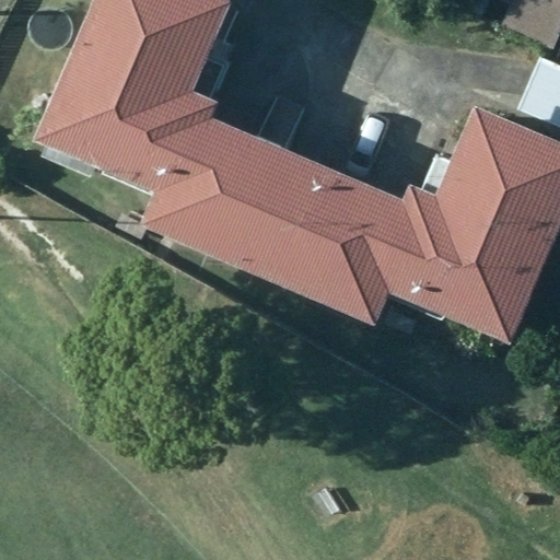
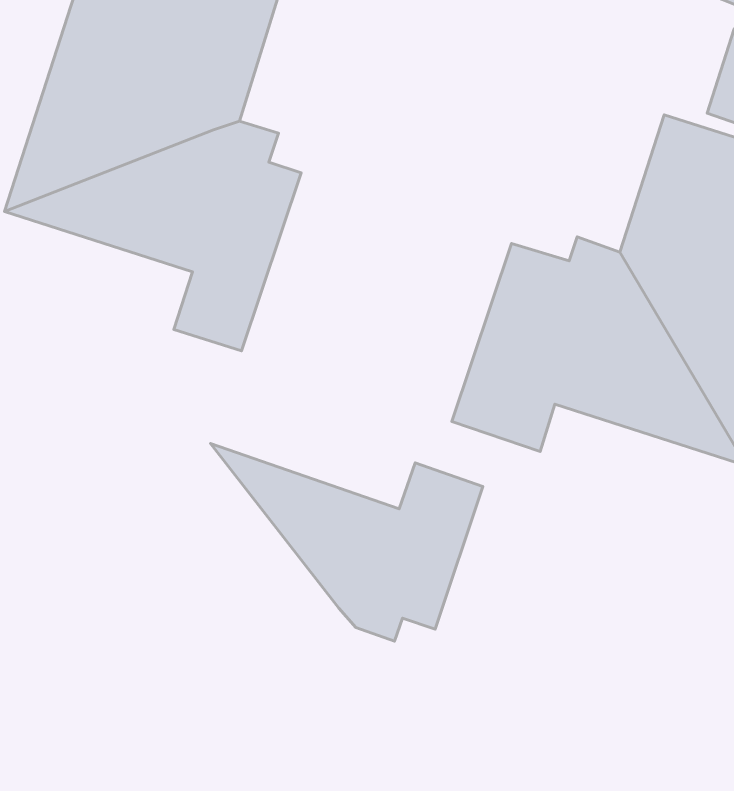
building: [186,129,370,301] -> none
building: none -> [210,443,483,641]

